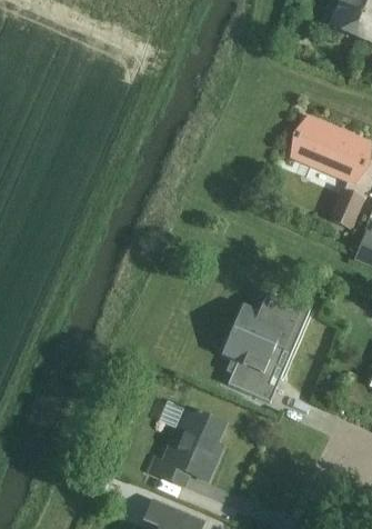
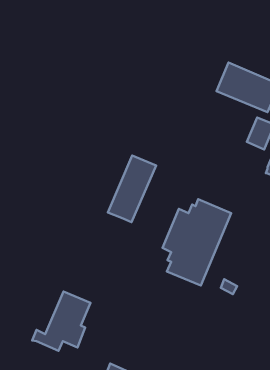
building: none -> [108,155,156,222]
building: [151,409,225,485] -> [32,292,91,351]

